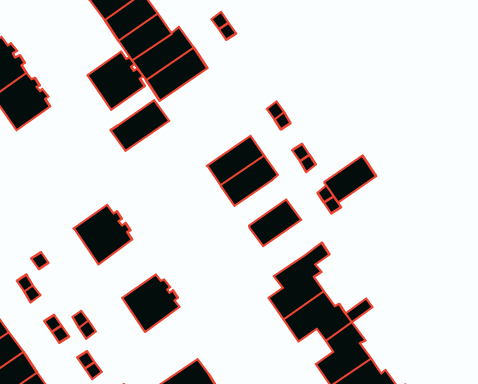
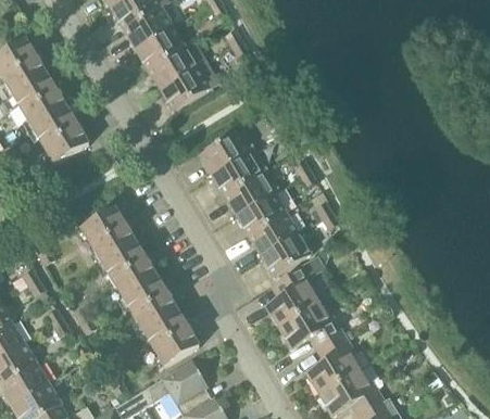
building: [88,51,145,110] -> [33,110,87,165]
building: [111,100,169,151] -> [200,129,256,176]
building: [324,156,376,202] -> [262,233,312,277]
building: none -> [237,193,287,236]
building: none -> [103,242,158,297]
building: none -> [145,309,200,366]

